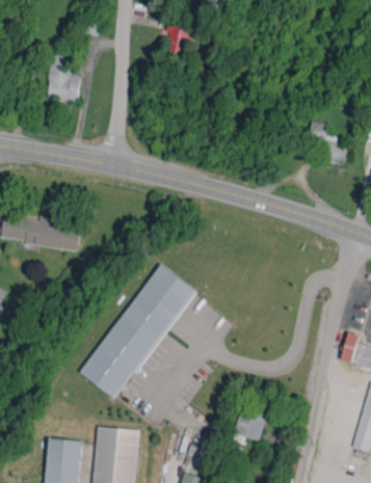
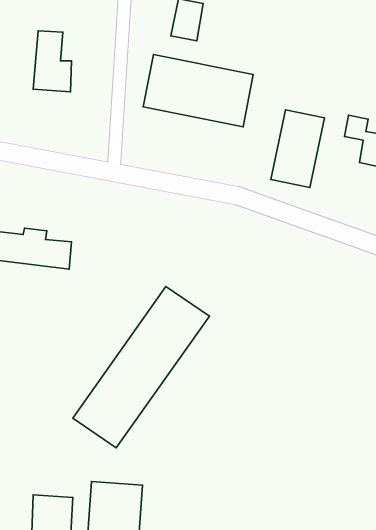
building: none -> [143,55,253,127]
building: none -> [271,110,325,187]
building: [234,408,267,440] -> none

